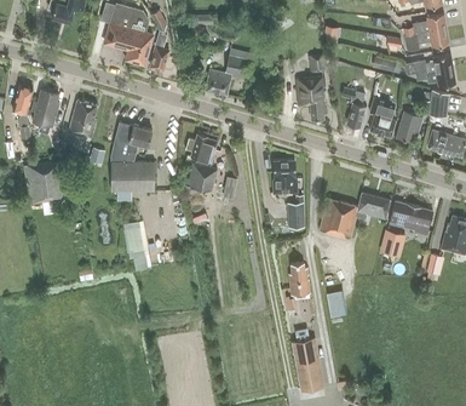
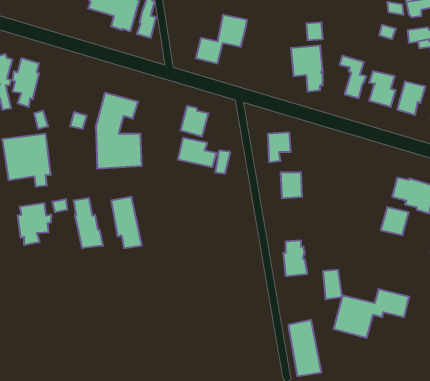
building: [69,101,97,138] -> none
building: [320,193,391,239] -> [333,289,409,338]
building: none -> [74,198,103,248]
building: none -> [18,203,51,245]

